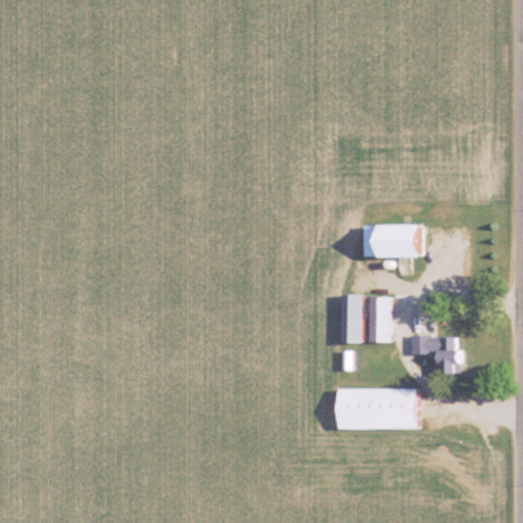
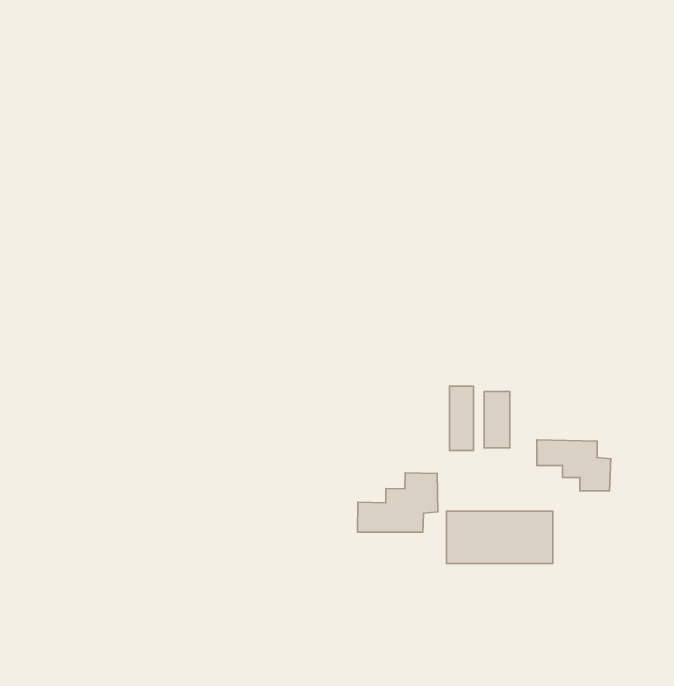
building: [365,226,429,256] -> none
building: none -> [357,473,438,532]

